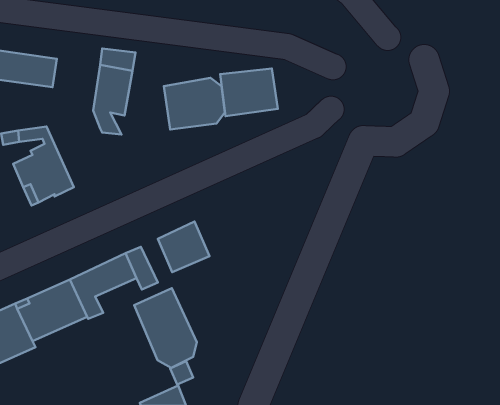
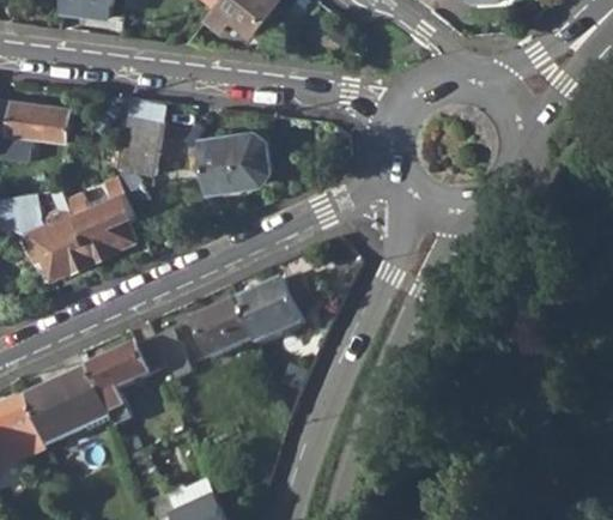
building: [220,68,278,116] -> none
building: none -> [57,187,132,260]
building: none -> [232,279,301,346]
building: [134,288,197,368] -> none

